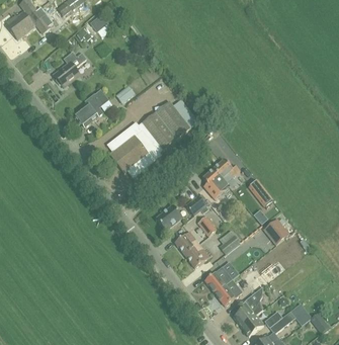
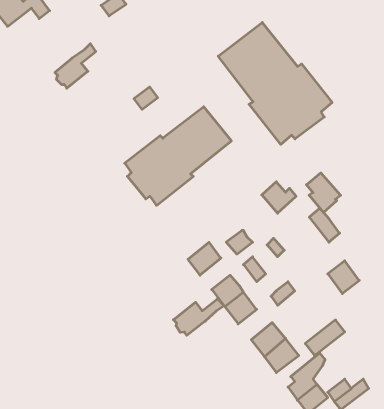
building: none -> [218,22,332,144]
building: [75,90,109,127] -> none
building: [202,169,229,199] -> [306,173,341,212]
building: none -> [173,299,224,335]

